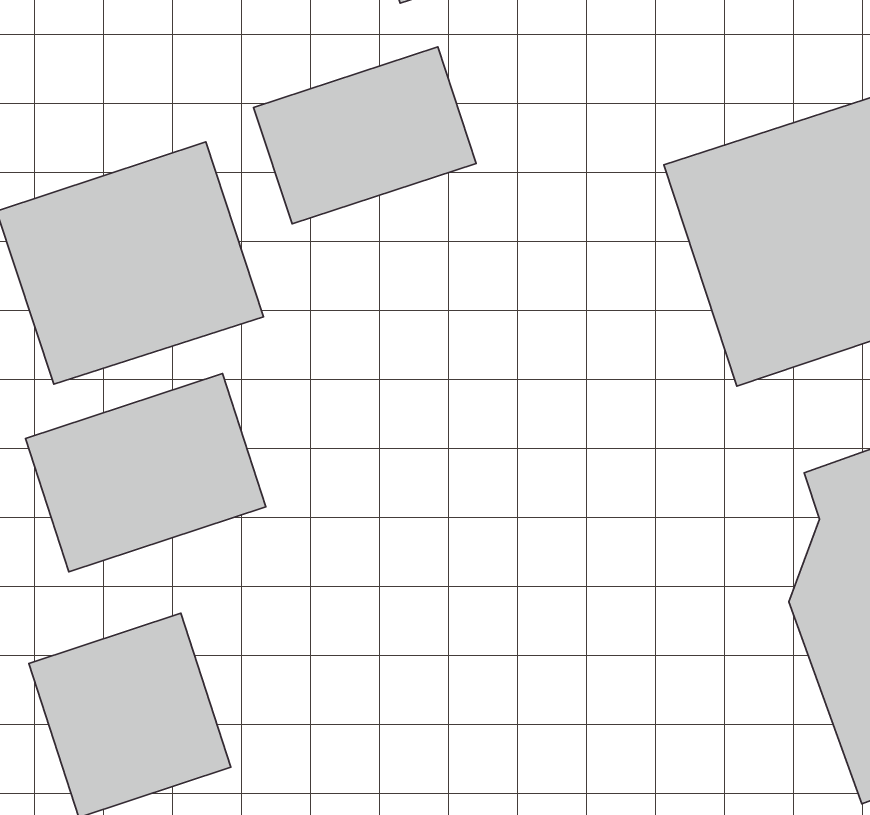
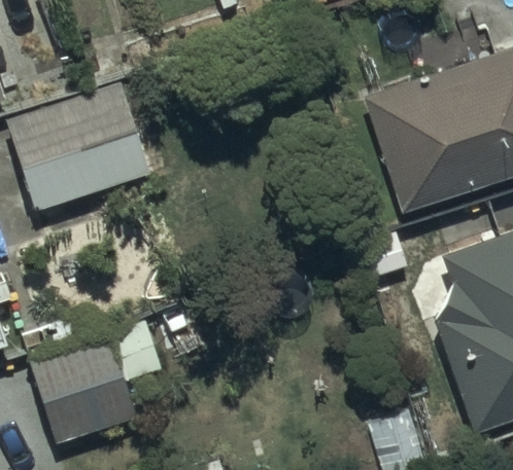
building: [254,47,476,224] -> none
building: [26,374,266,572] -> none

